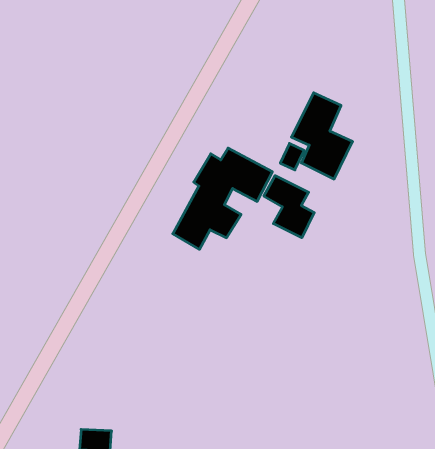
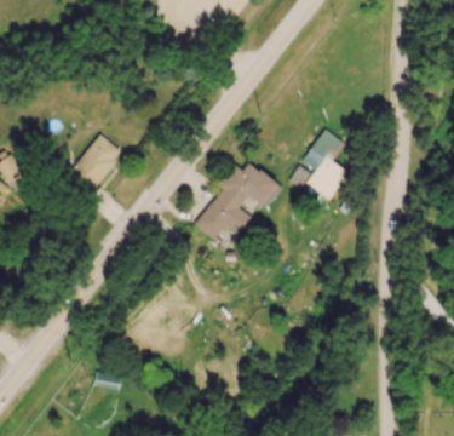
building: none -> [67,134,121,195]
building: [264,176,314,238] -> none

